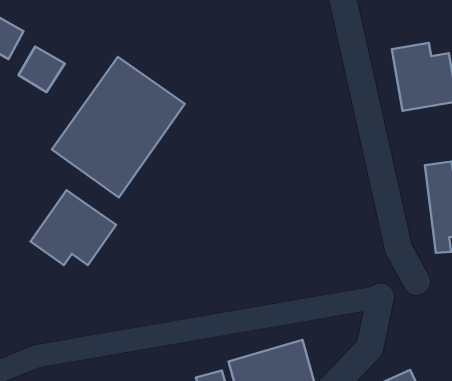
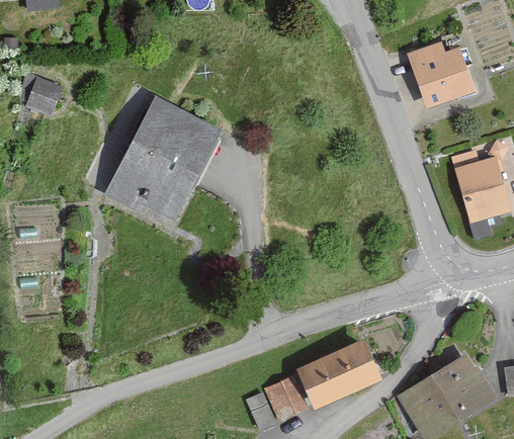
building: [19,46,65,92] -> none
building: [30,190,116,265] -> none

